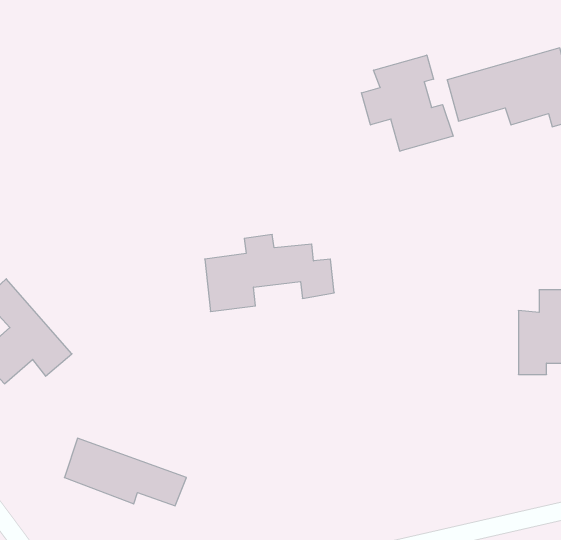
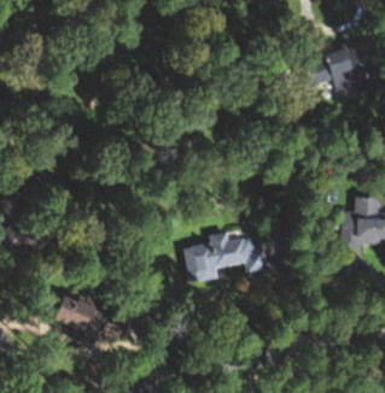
building: [361,55,453,151] -> none
building: [205,235,334,312] -> [186,233,269,282]

